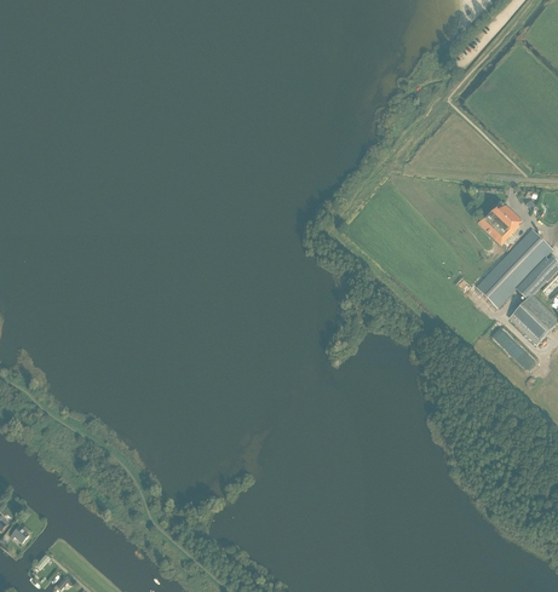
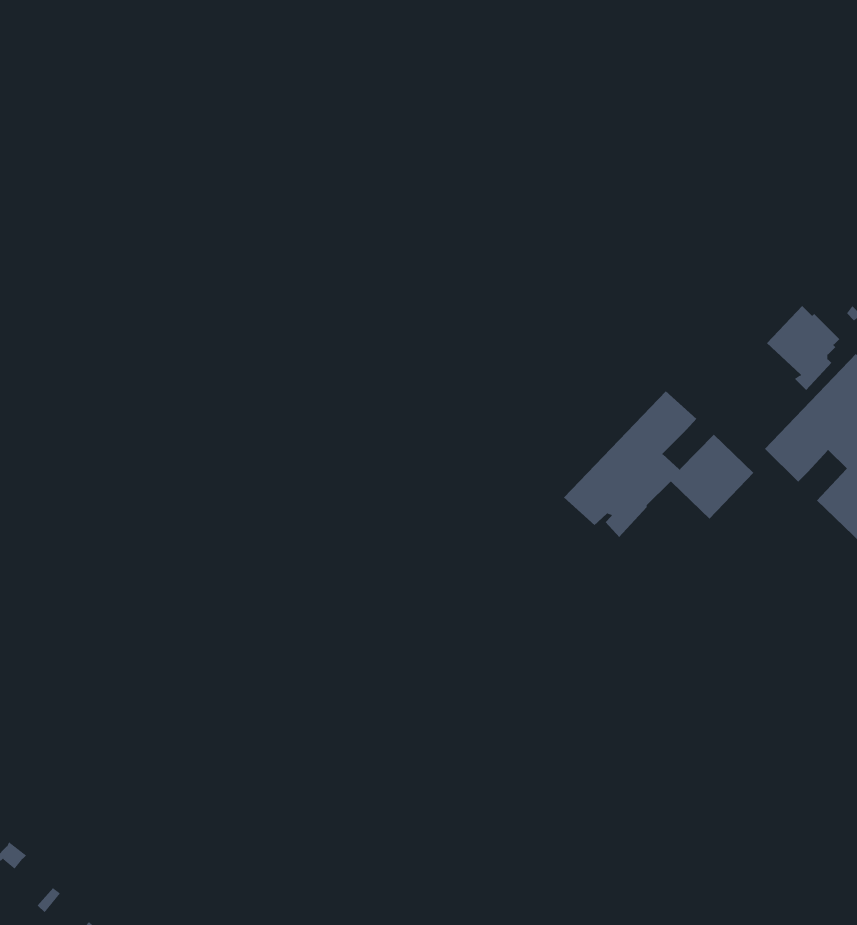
building: none -> [563,390,754,538]

